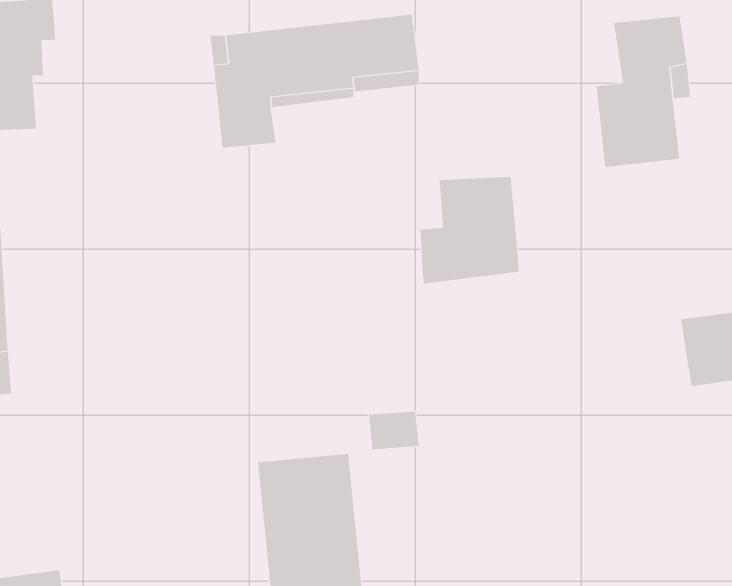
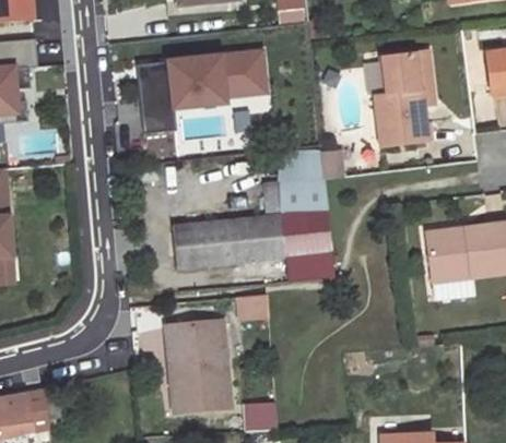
building: none -> [170,209,333,282]

